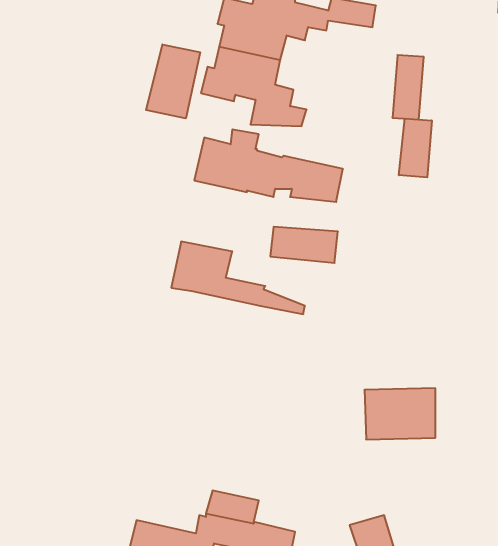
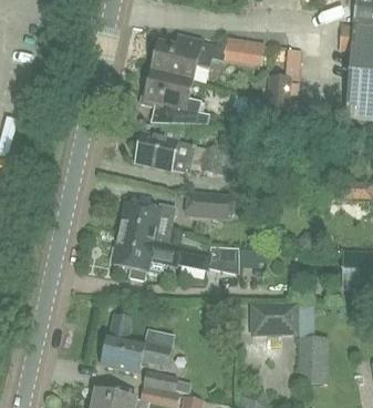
building: [146,44,200,118] -> none
building: [399,119,432,177] -> none
building: none -> [110,233,270,279]
building: none -> [101,314,172,373]
building: none -> [297,335,328,381]

